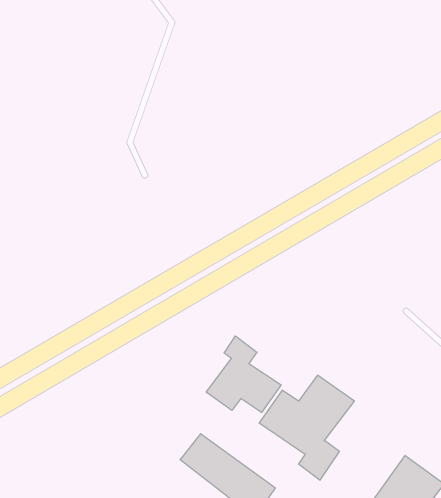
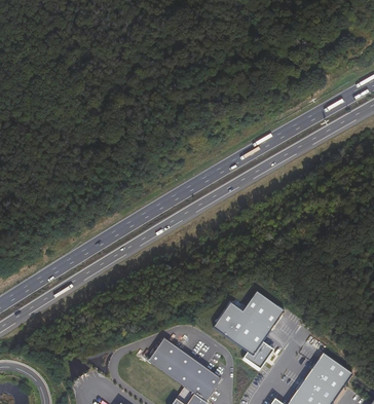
building: [206,336,281,413] -> none

